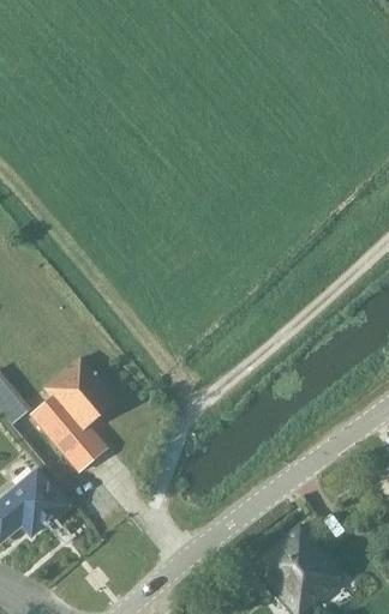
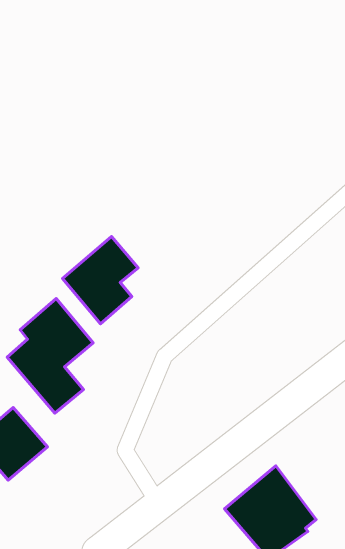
building: none -> [63,237,138,324]

